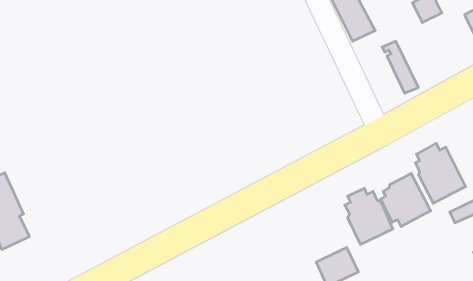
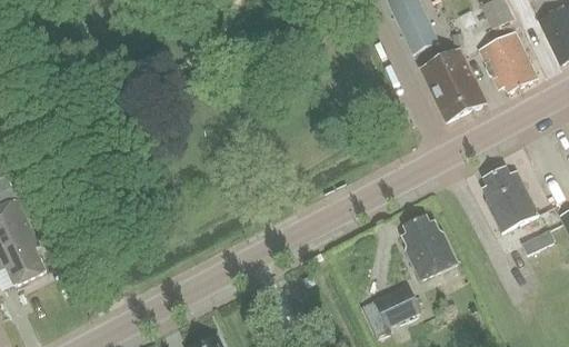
building: none -> [478,29,536,91]
building: none -> [419,54,469,119]
building: [381,173,431,227] -> none

